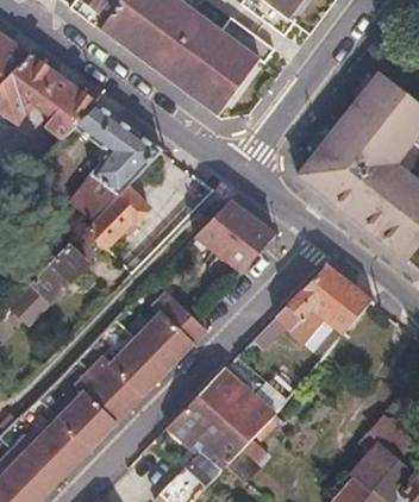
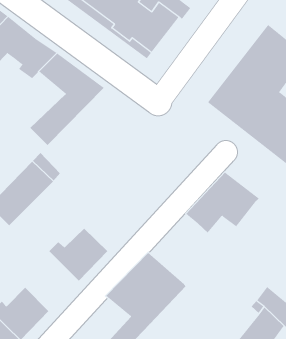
building: [88,189,149,249] -> none
building: [195,201,276,272] -> none
building: [136,293,204,369] -> none
building: [57,369,129,448] -> none

